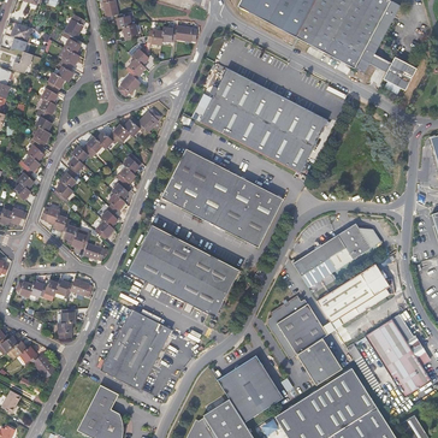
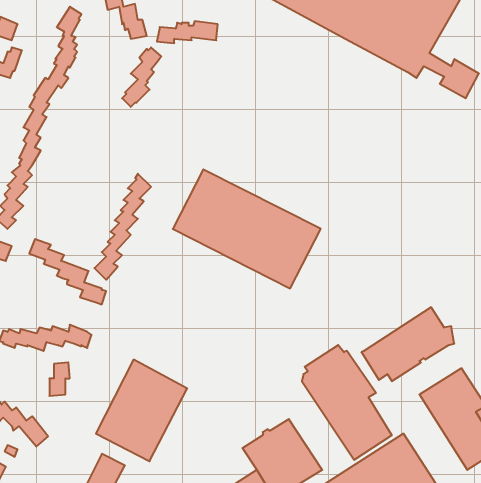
building: [200,67,327,172] -> none
building: [53,107,162,202] -> none
building: [291,223,380,286] -> none
building: [128,224,239,316] -> none

